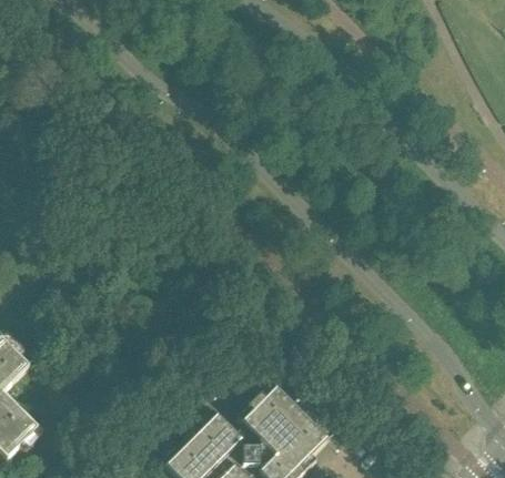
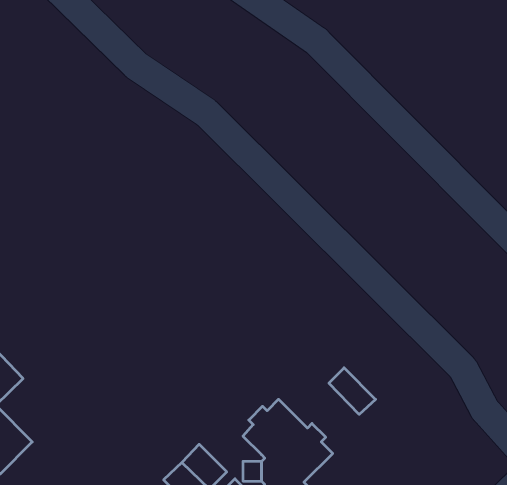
building: none -> [329,368,376,414]
building: [200,410,244,455] -> none

